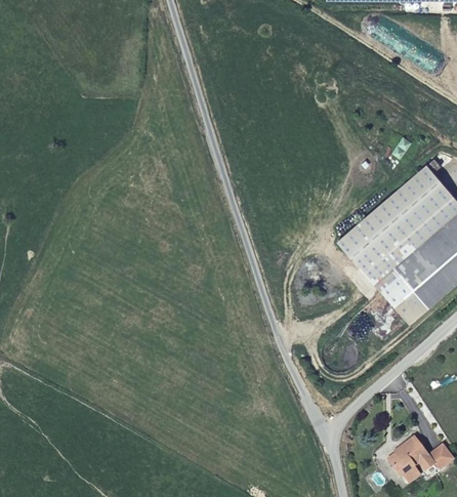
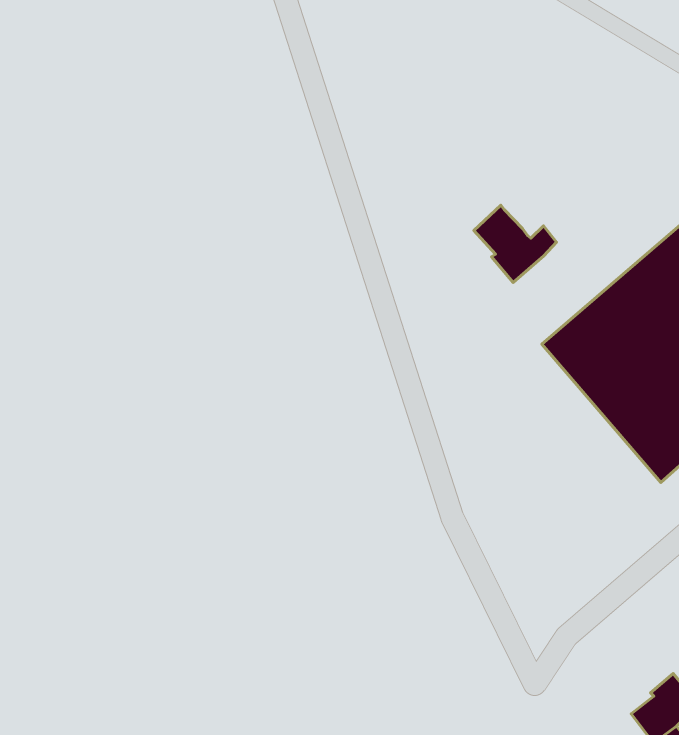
building: none -> [474,205,557,282]

